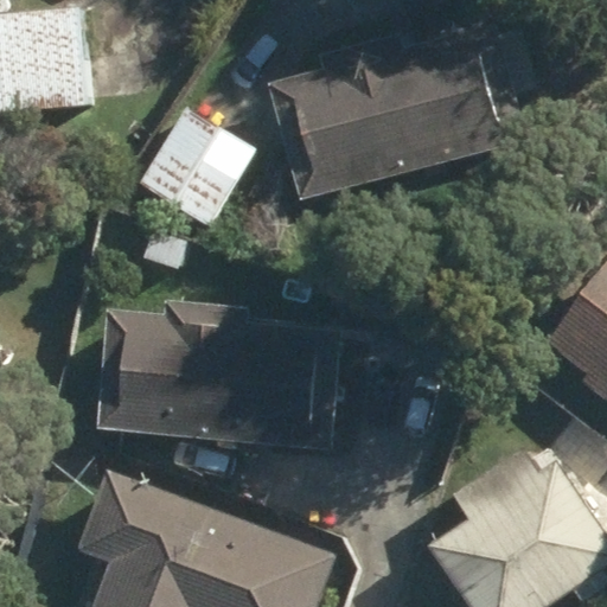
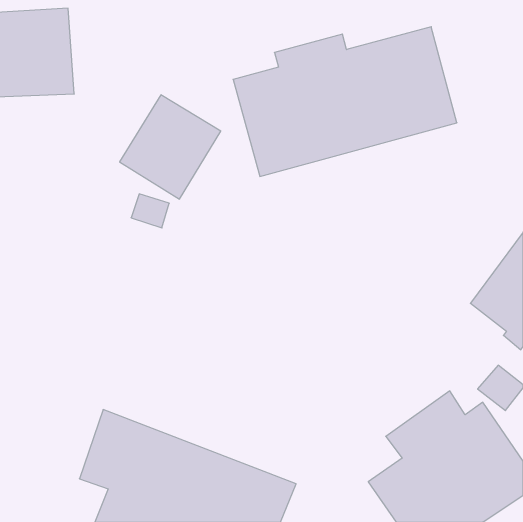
building: [113,305,351,446] -> none

